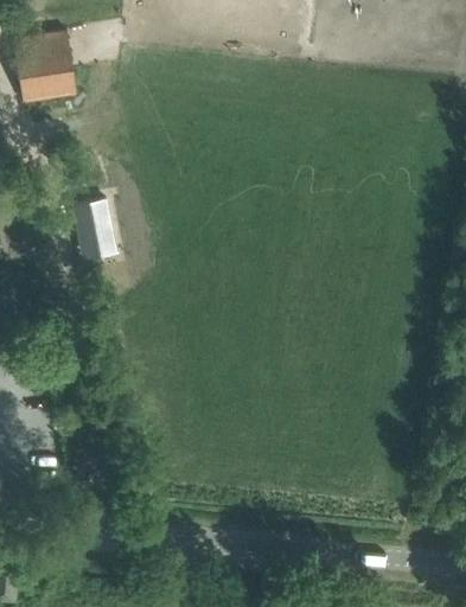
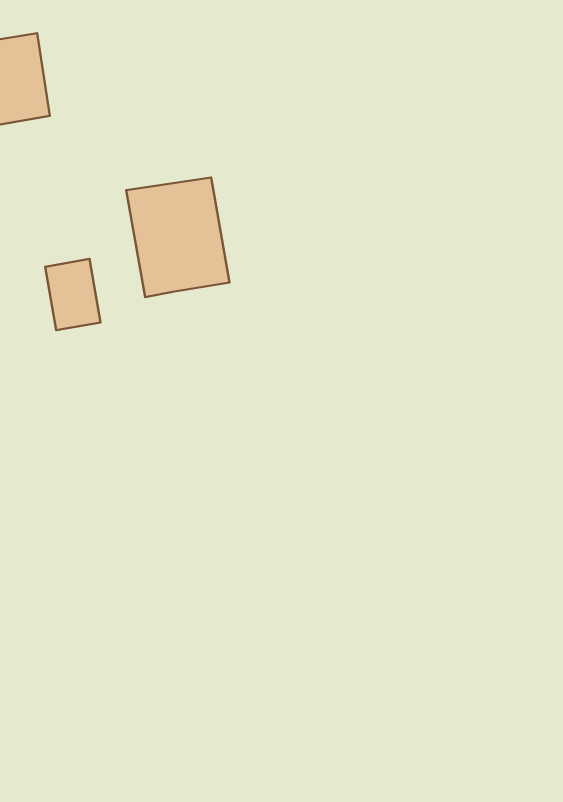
building: none -> [126,177,230,297]

